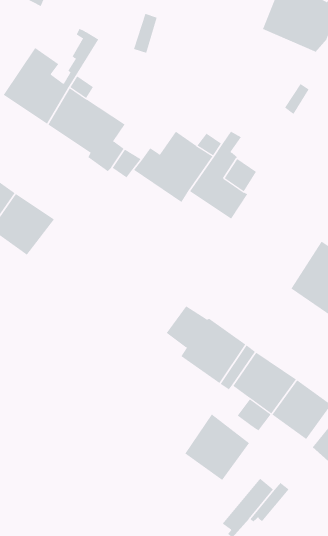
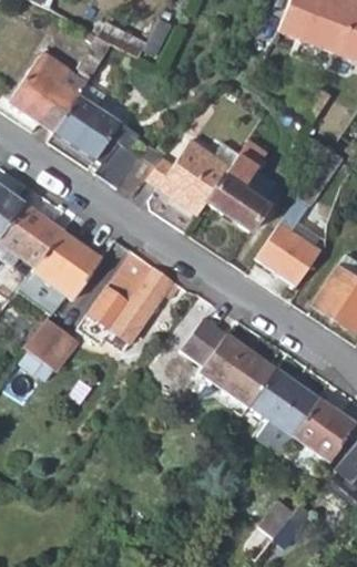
building: none -> [254,200,320,285]
building: none -> [17,230,103,315]
building: none -> [89,250,181,341]
building: none -> [24,319,71,363]
building: [184,413,250,481] -> none

